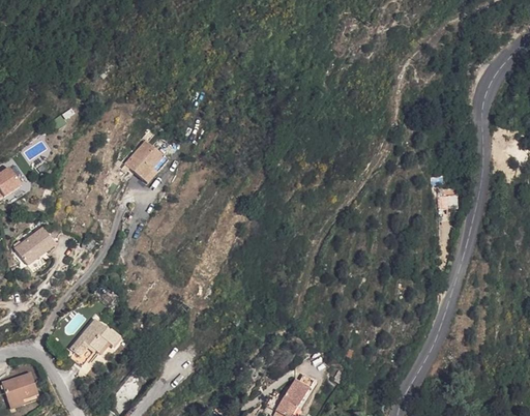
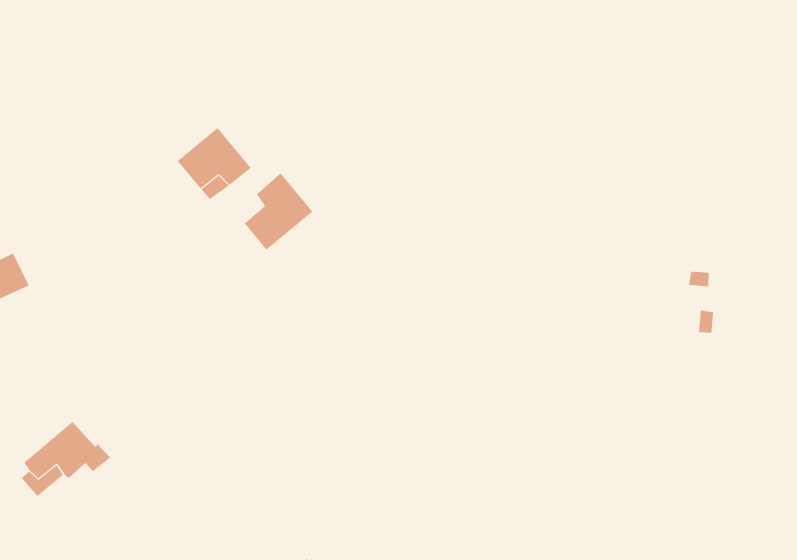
building: none -> [244,172,313,250]

